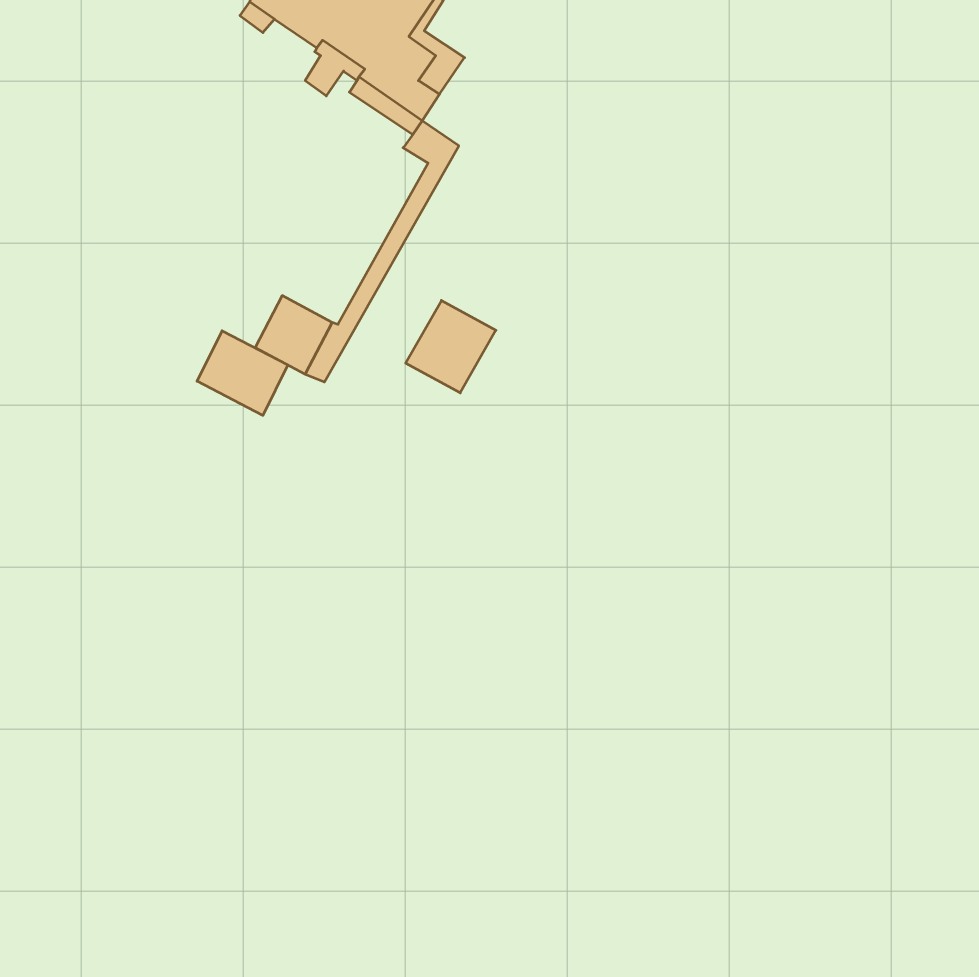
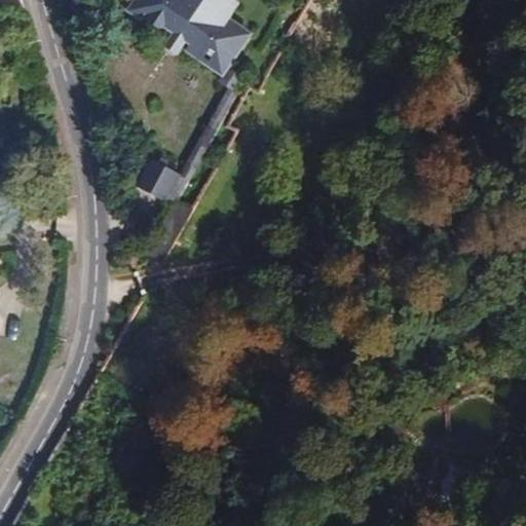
building: [406,300,496,393] -> none
building: [197,331,288,415] -> none

